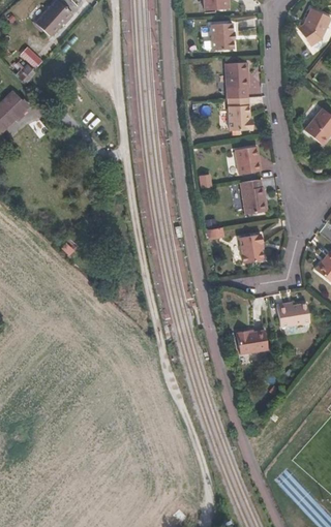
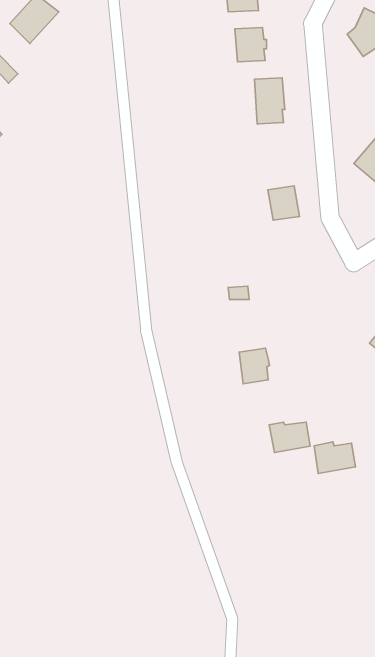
building: [229,97,253,130] -> none
building: [241,178,268,214] -> none
building: [239,235,263,262] -> [239,348,270,384]
building: [279,303,311,328] -> [314,442,355,473]

